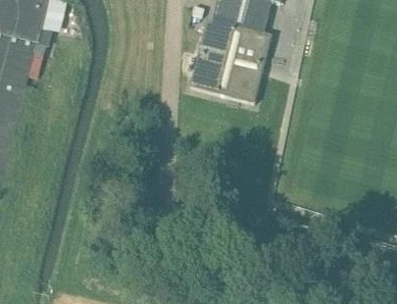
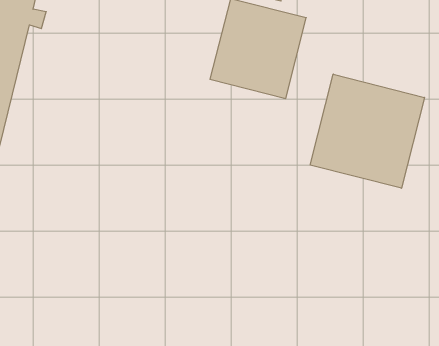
building: none -> [310,74,424,188]

